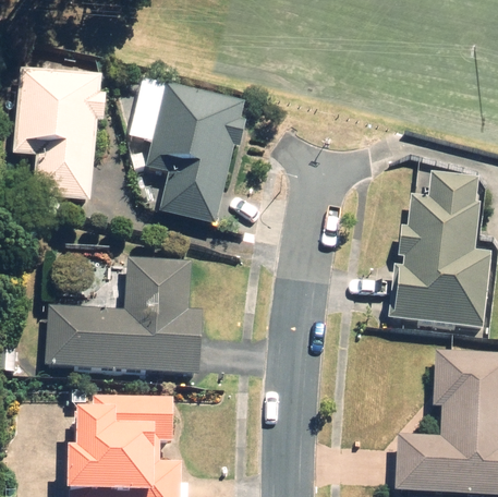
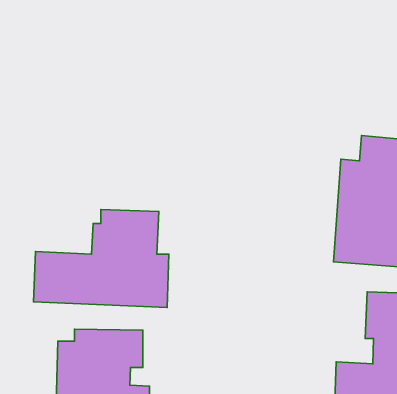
building: [14,68,109,197] -> none
building: [133,77,248,225] -> none

